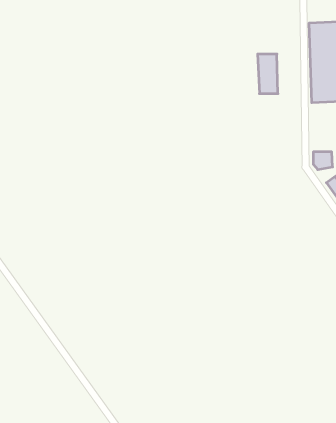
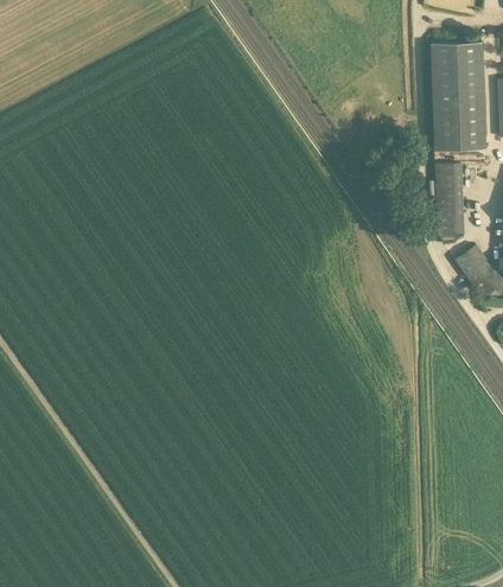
building: [258,54,278,94] -> [434,162,461,216]

